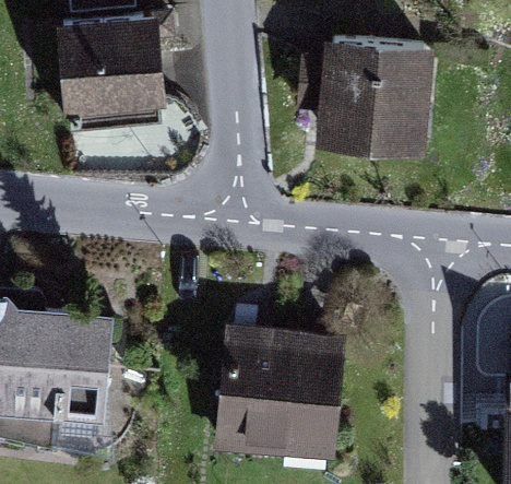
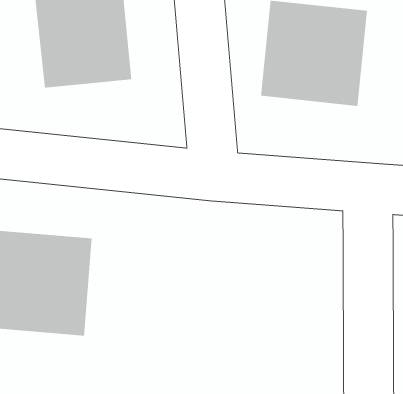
building: [218,326,347,469] -> none

